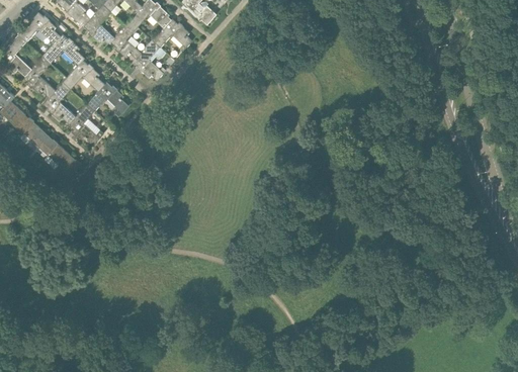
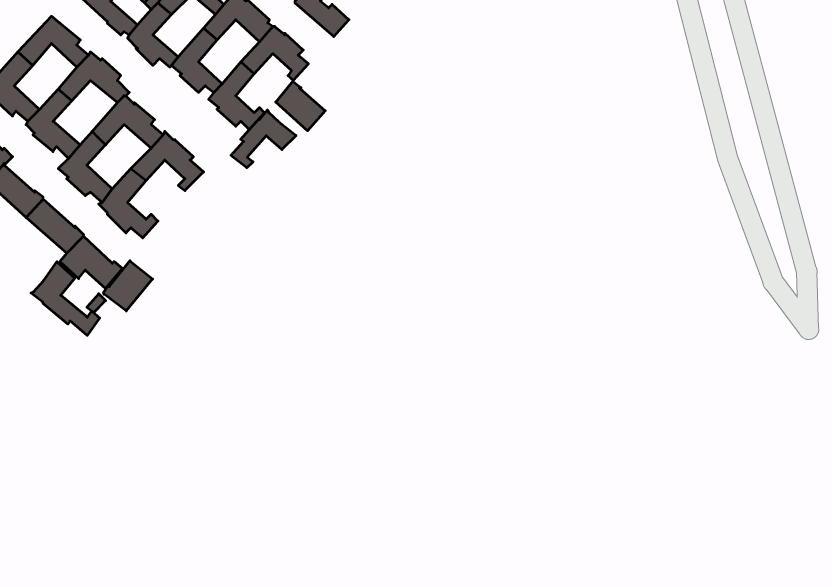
building: none -> [276,82,325,131]
building: none -> [231,110,296,168]
building: none -> [104,261,153,311]
building: none -> [31,262,100,335]

